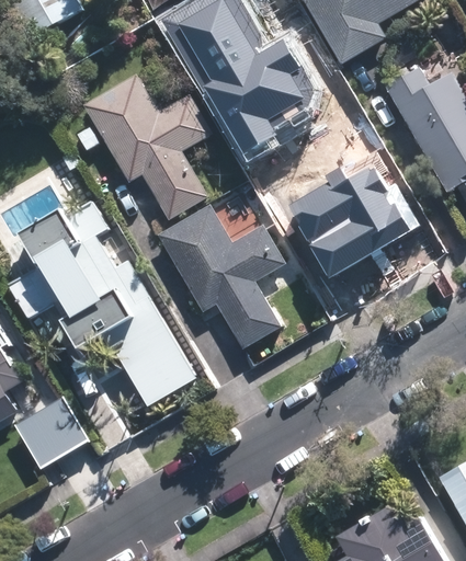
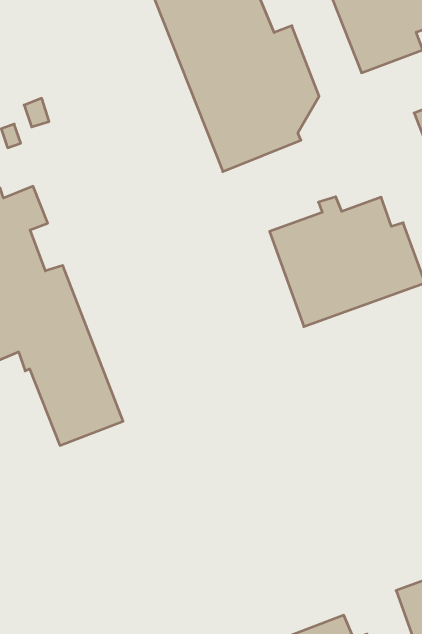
building: [82,77,212,222] -> none
building: [158,206,286,352] -> none

